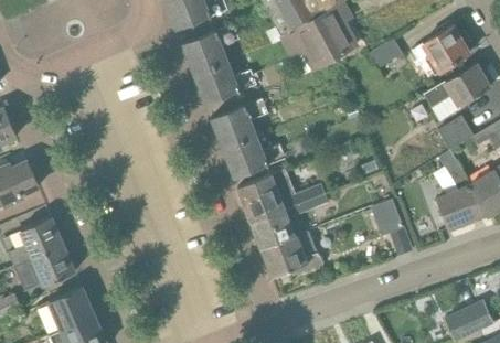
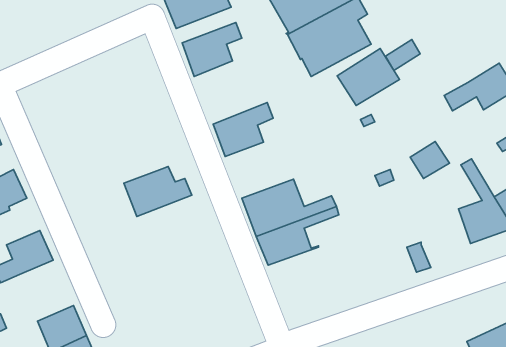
building: [412,25,469,78] -> [337,48,399,106]
building: [193,58,255,105] -> none
building: [437,116,474,150] -> [410,142,450,179]
building: [222,133,285,180] -> [124,166,192,217]
building: [372,201,403,236] -> none
building: [262,233,322,278] -> none
building: [32,245,75,286] -> none

